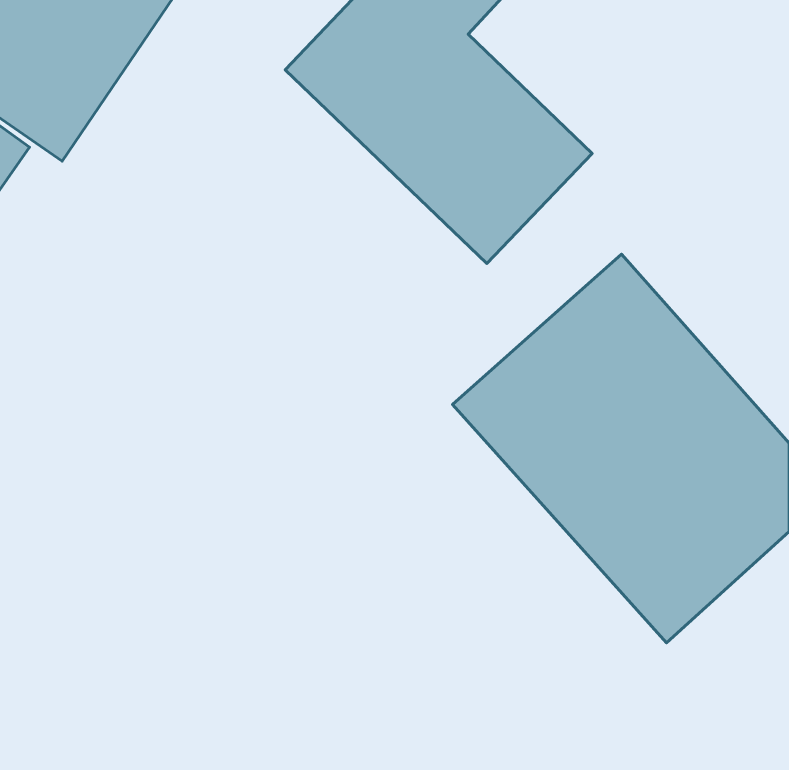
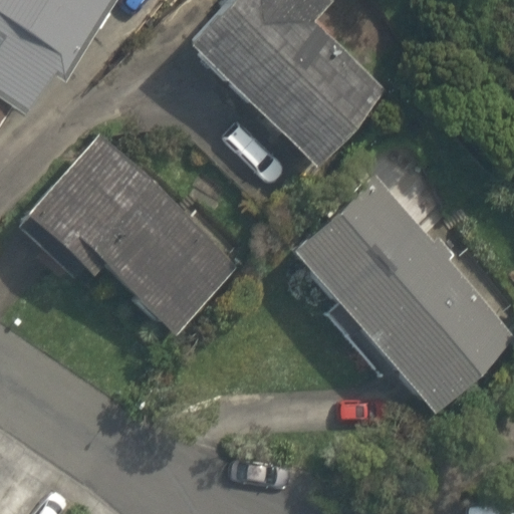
building: none -> [25,134,236,323]

